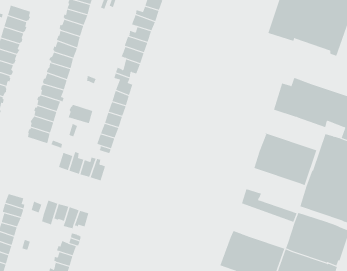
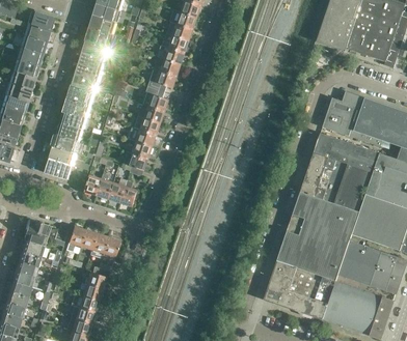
building: [68,104,93,124] -> [45,158,73,179]
building: none -> [313,133,377,172]
building: none -> [292,192,358,241]
building: none -> [276,231,345,281]

